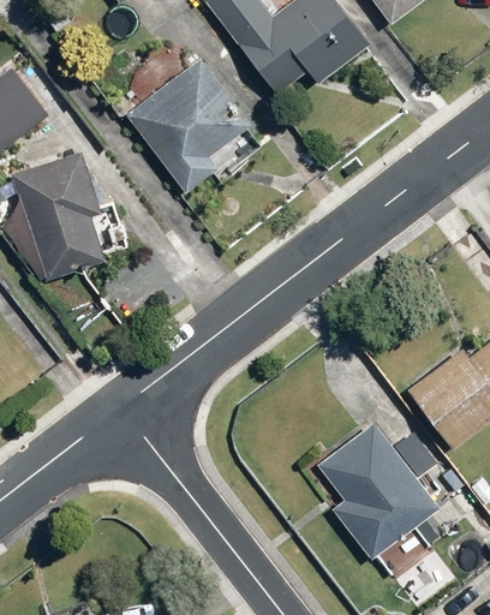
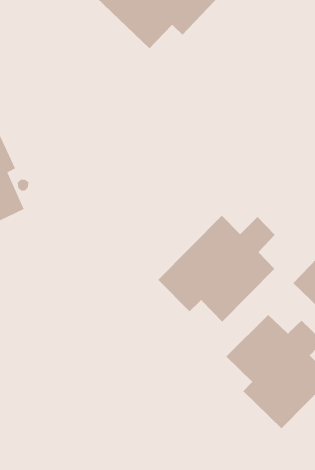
building: [126,59,250,192] -> none
building: none -> [158,215,276,322]

